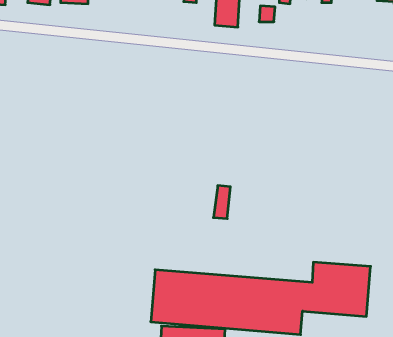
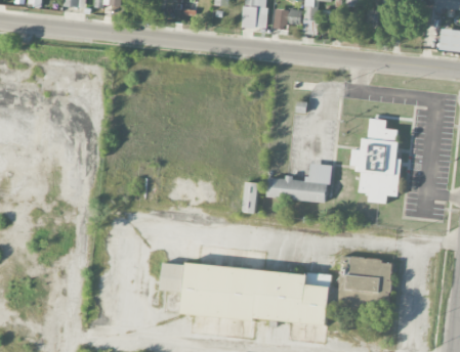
building: none -> [350,118,401,203]
building: none -> [266,162,331,202]
building: none -> [161,263,179,291]

